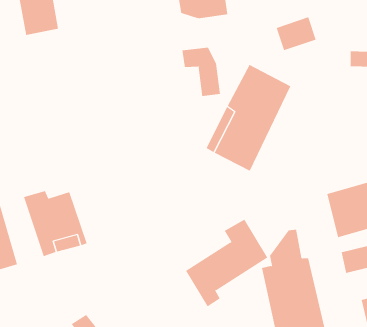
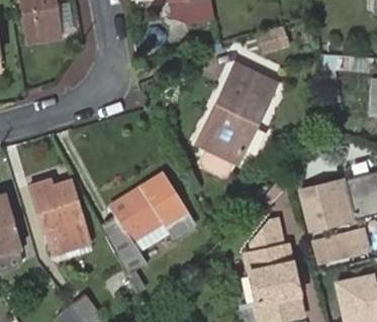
building: [182,47,221,97] -> none
building: [185,219,268,307] -> [104,178,180,258]

